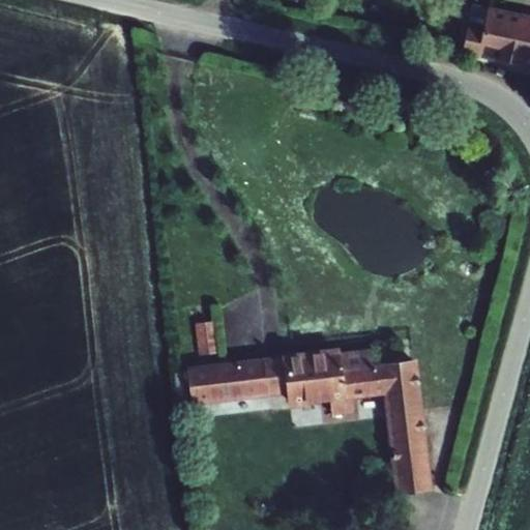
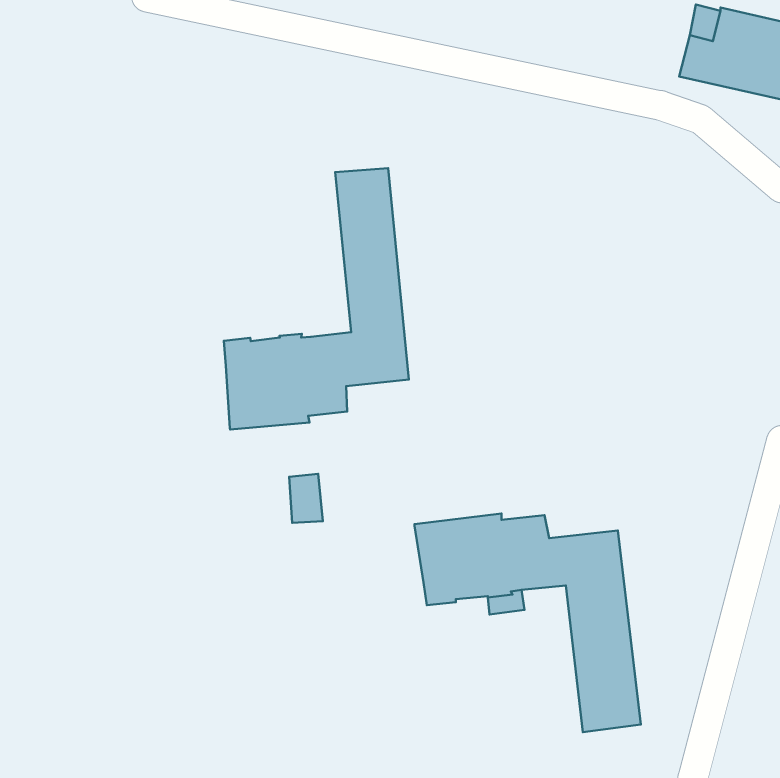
building: none -> [224,168,409,430]
building: [187,356,288,407] -> none

